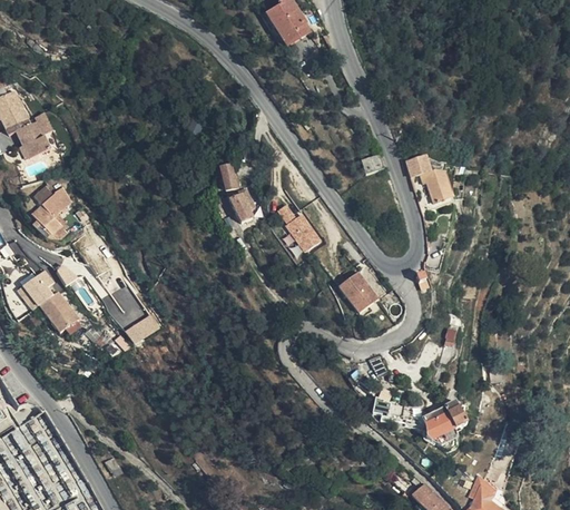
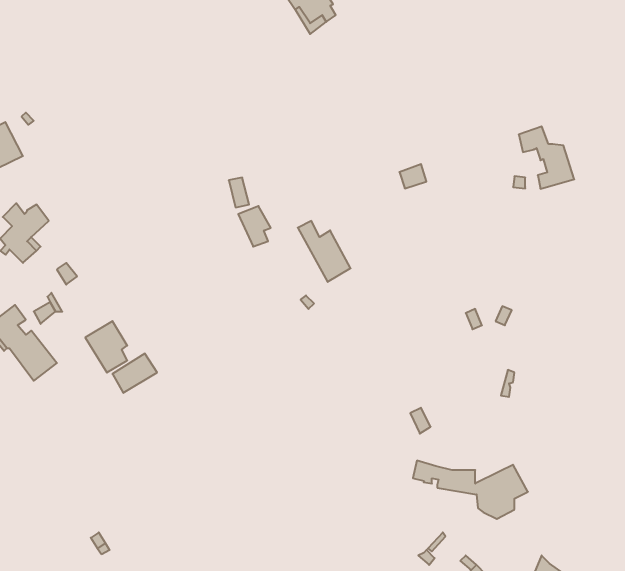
building: [406,155,452,206] -> [519,126,574,189]
building: [340,273,379,313] -> none

